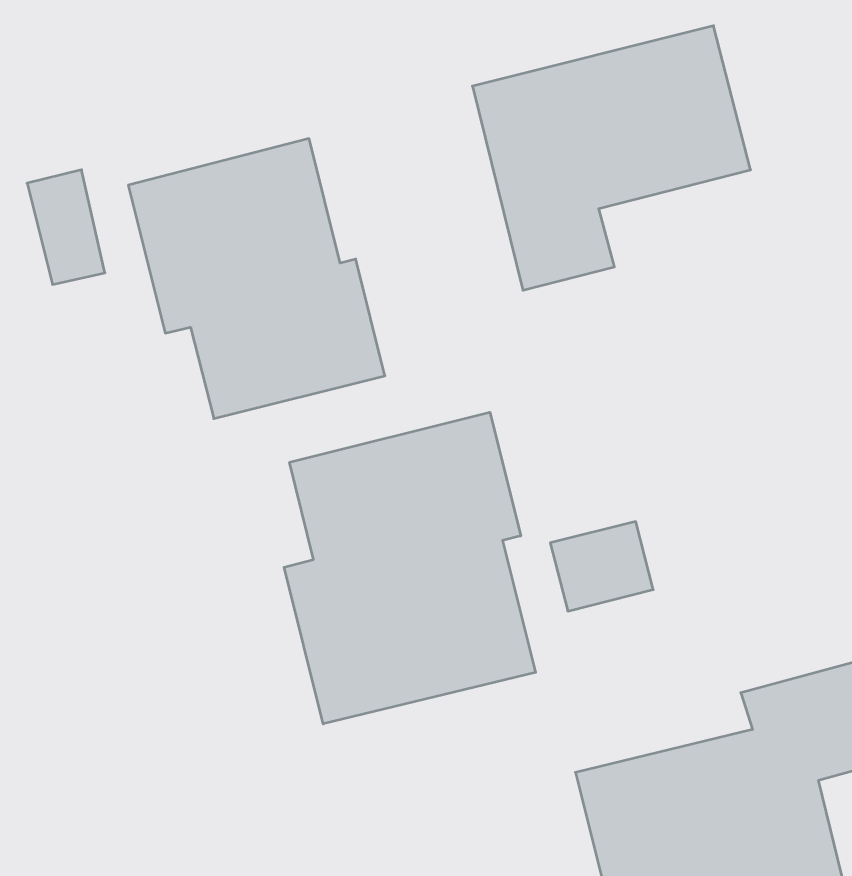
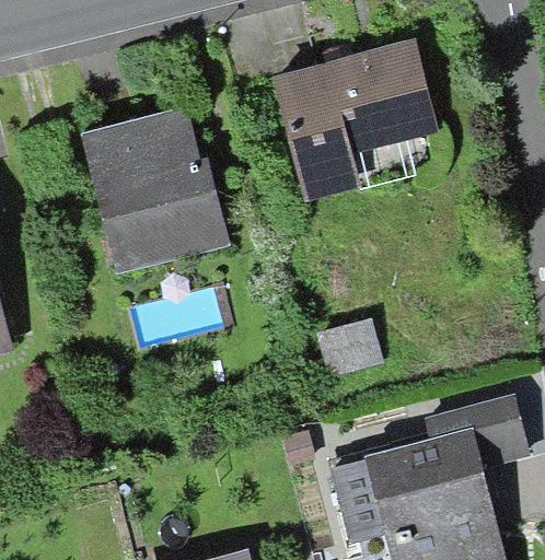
building: [284,412,536,724] -> none

